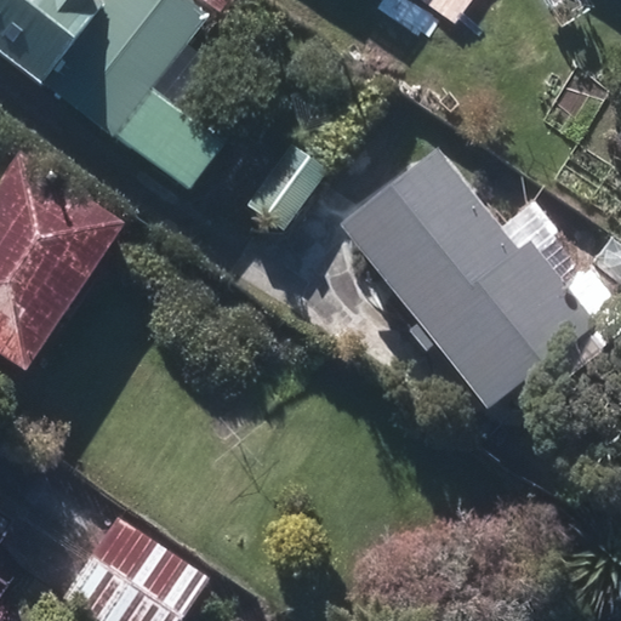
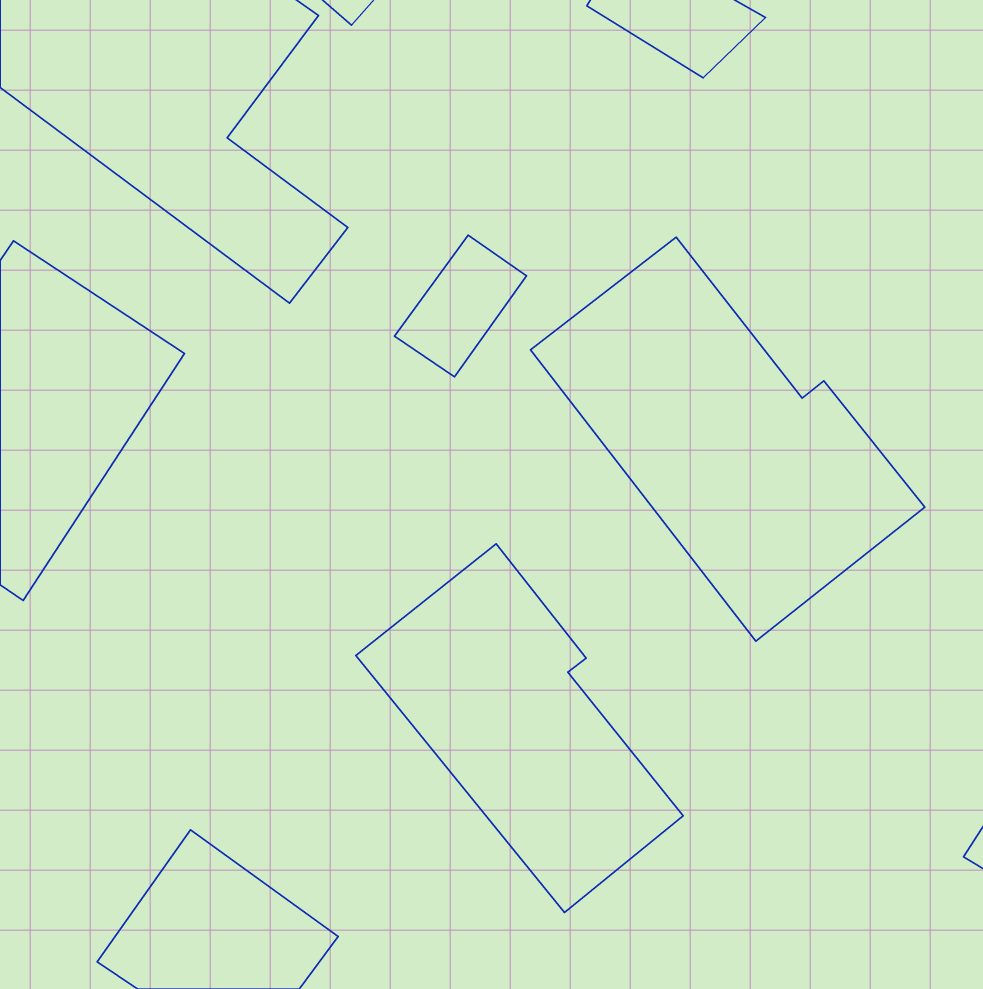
building: none -> [356,544,683,913]

